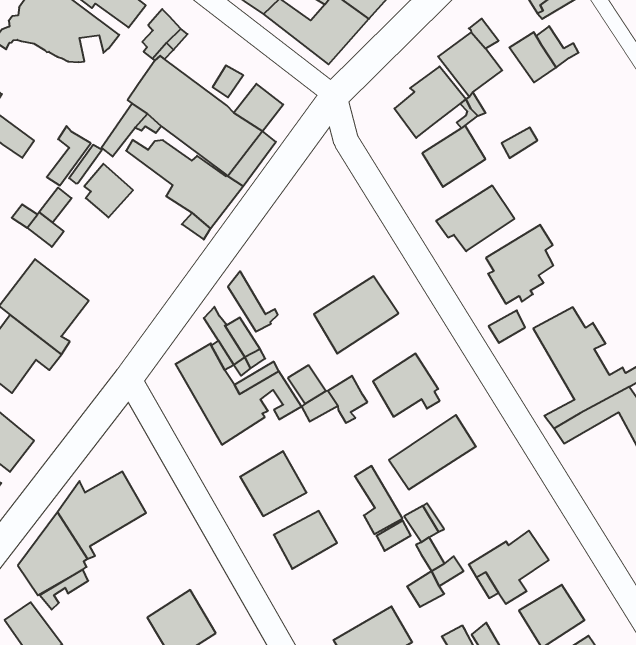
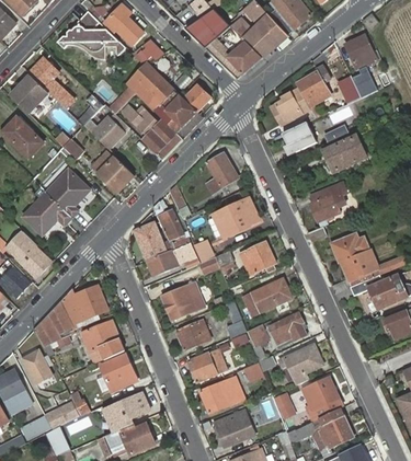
building: [436,186,514,251] -> [323,136,366,170]
building: none -> [203,145,236,193]
building: none -> [91,151,133,193]
building: none -> [269,312,307,344]
building: none -> [81,321,124,362]
building: none -> [187,349,226,382]

